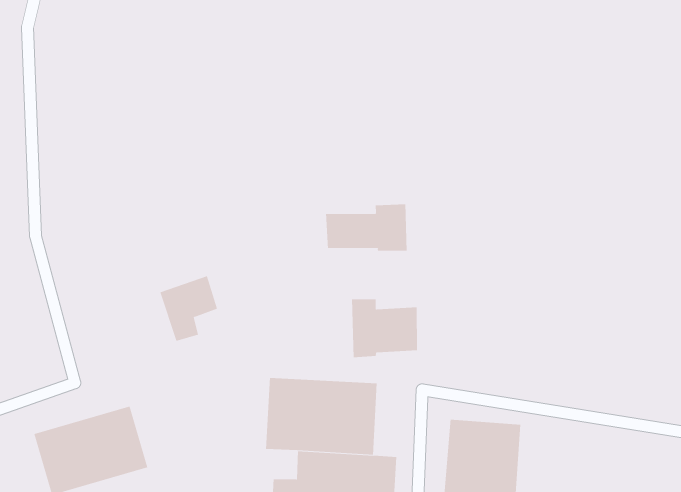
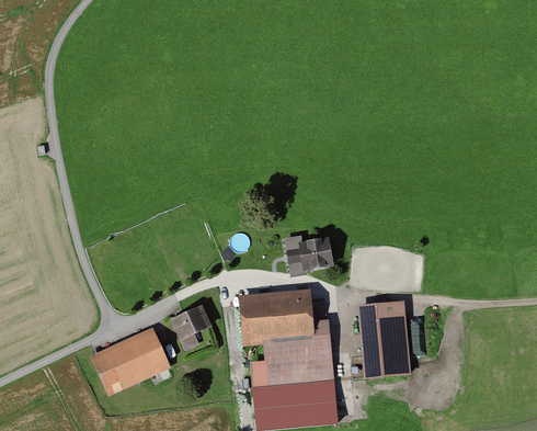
building: [326,203,407,251] -> none
building: [160,276,218,342] -> [171,304,210,350]

